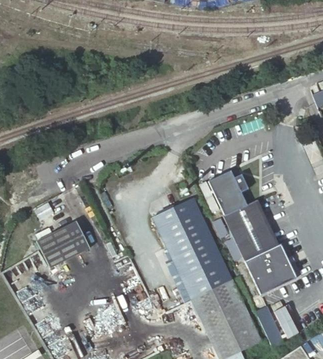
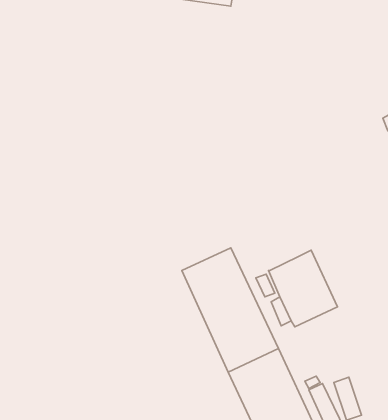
building: [209,171,249,216] -> none
building: [37,220,88,263] -> none
building: [244,244,296,294] -> none

